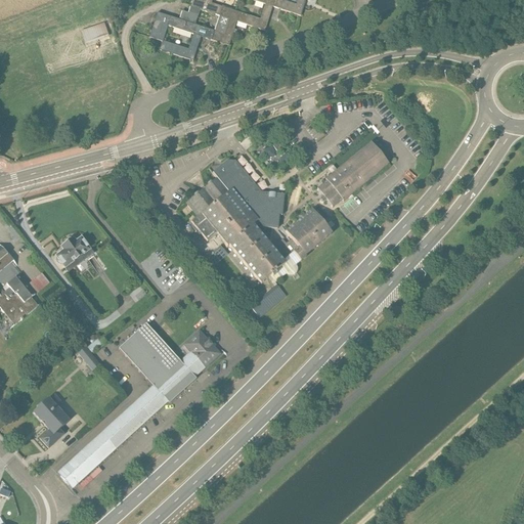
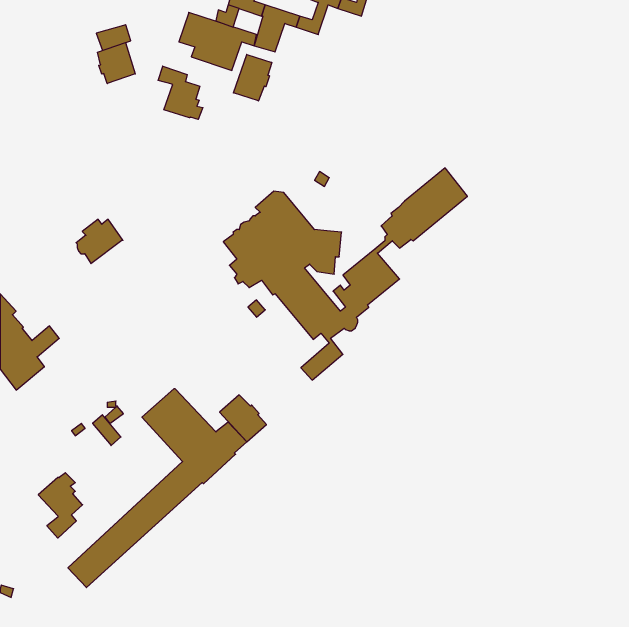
building: none -> [98,43,135,84]
building: none -> [233,54,272,101]
building: none -> [158,66,203,119]
building: [55,234,94,271] -> [76,219,123,264]

